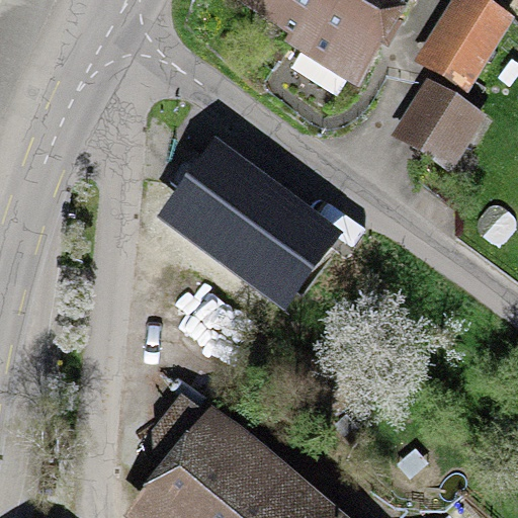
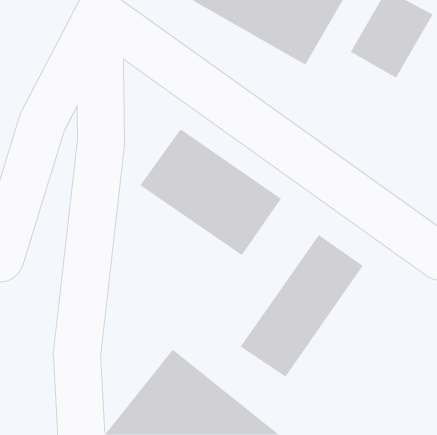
building: [394,80,488,170] -> none
building: none -> [240,234,364,378]

